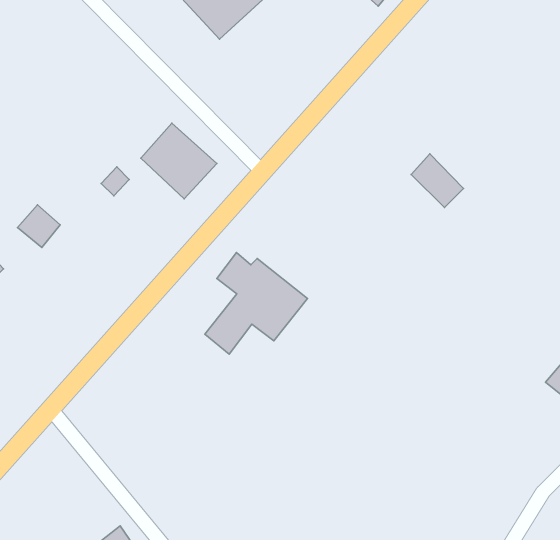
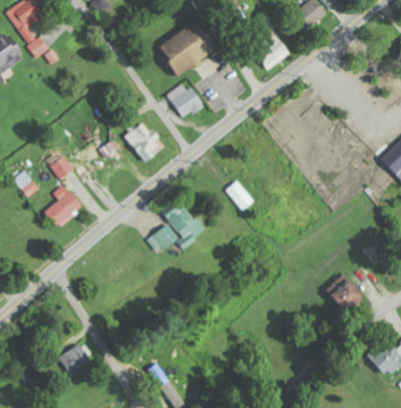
building: none -> [166,80,203,118]
building: [411,154,463,207] -> [226,179,254,211]
building: none -> [44,183,82,227]

